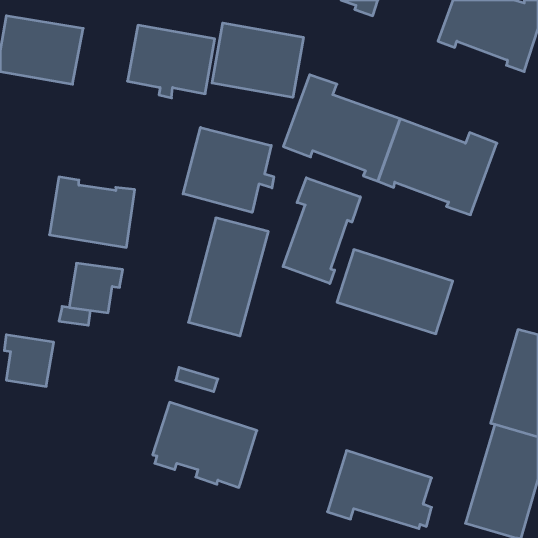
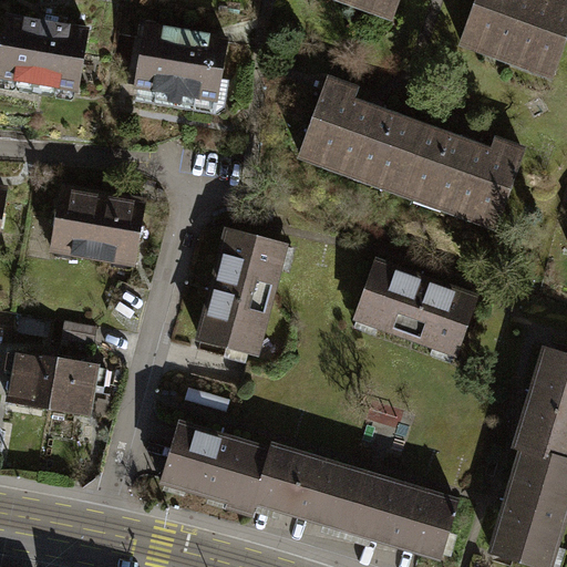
building: [212,23,303,97] -> none
building: [183,127,274,212] -> none
building: [283,178,360,284] -> none
building: [69,263,123,313] -> [49,360,105,412]
building: none -> [252,445,364,538]

